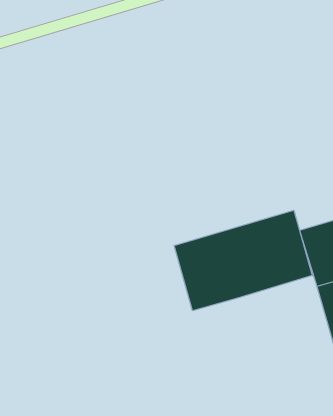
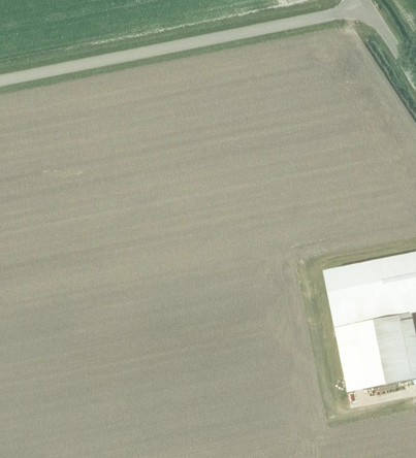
building: [174,210,312,311] -> none

